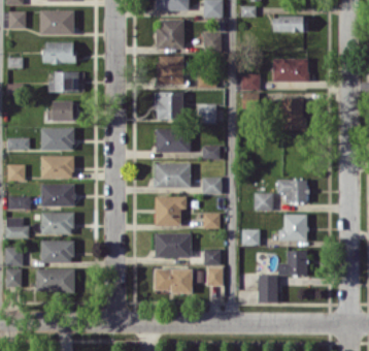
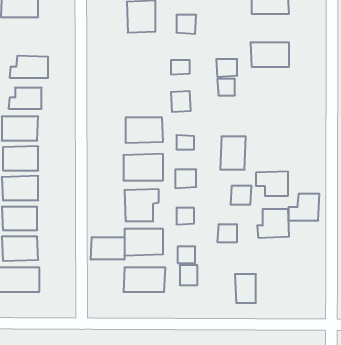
building: [43,42,75,64] -> none
building: [157,56,183,85] -> none
building: [157,92,182,120] -> none
building: [281,99,305,130] -> [220,136,246,170]
building: none -> [91,237,124,260]
building: [278,251,307,276] -> [288,194,319,220]

